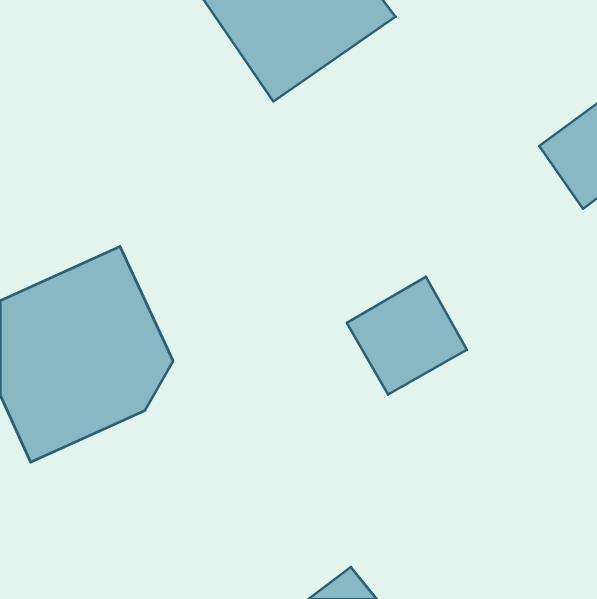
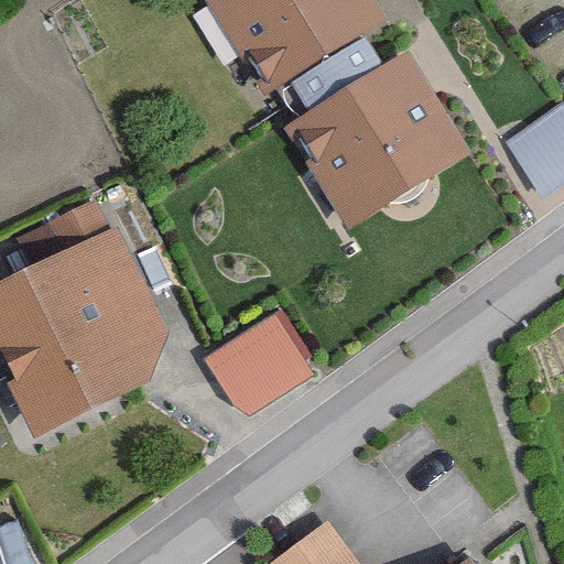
building: none -> [289,54,466,226]
building: [347,277,467,395] -> [207,304,319,414]

